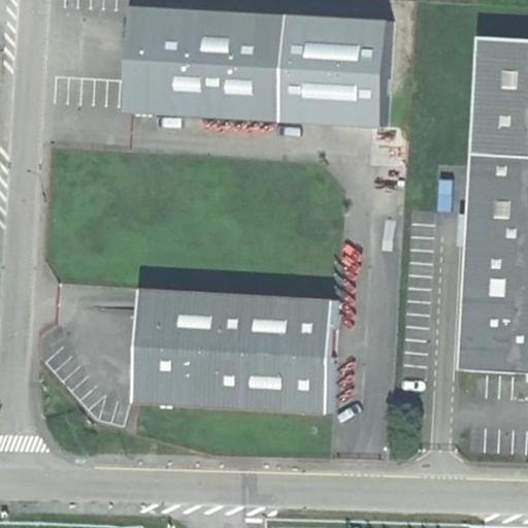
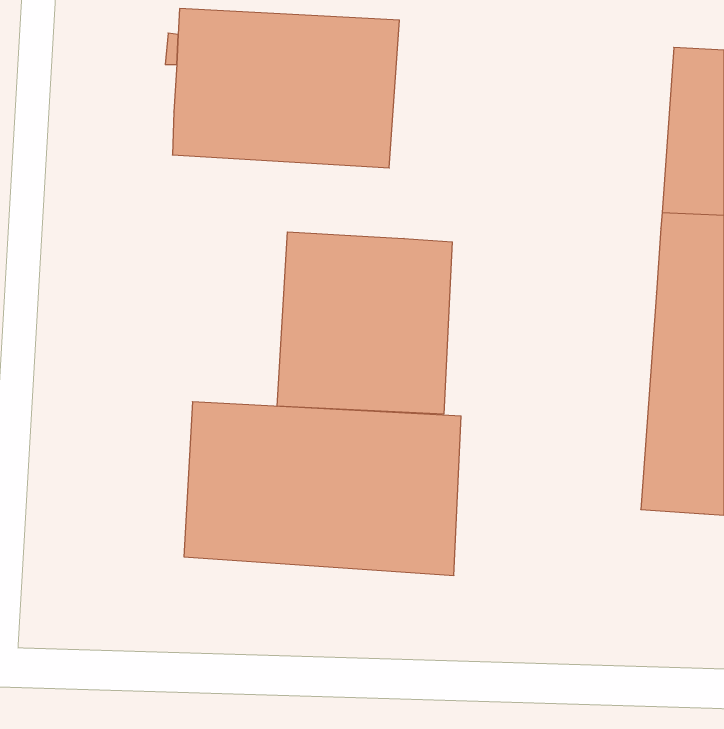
building: [279,14,387,128] -> none
building: none -> [277,232,452,414]

